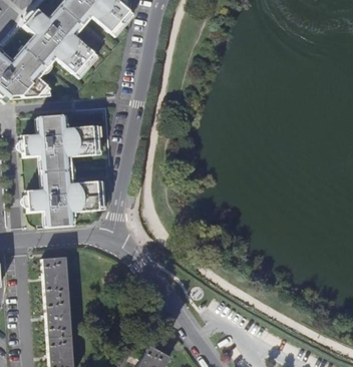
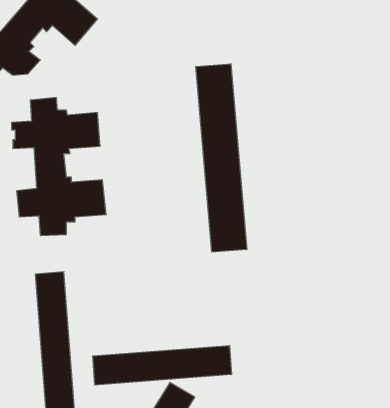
building: none -> [196,64,247,252]
building: none -> [93,345,232,385]

